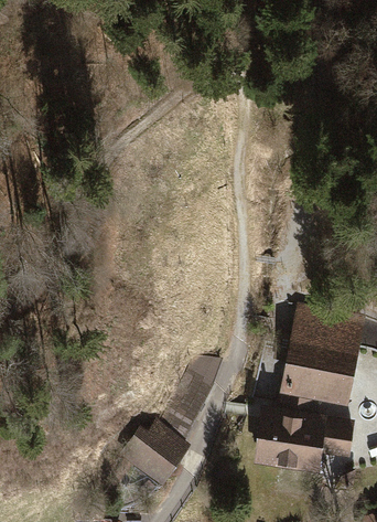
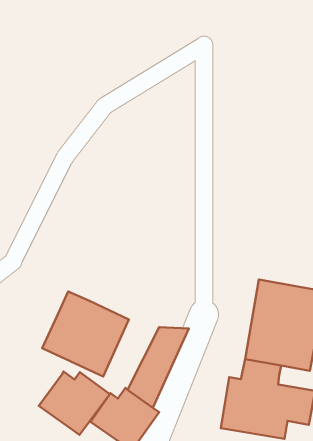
building: none -> [42,291,129,376]
building: none -> [39,371,110,435]

